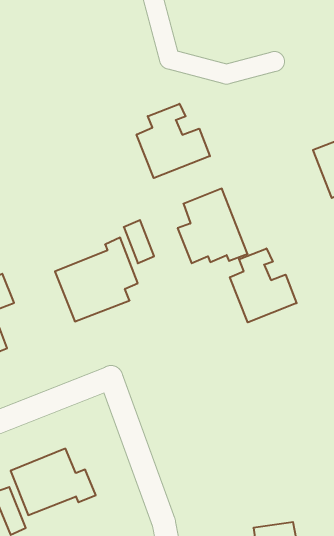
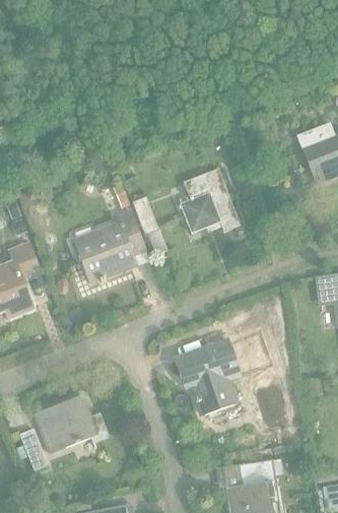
building: [137,104,210,178] -> none
building: [230,248,297,322] -> none
building: none -> [174,341,239,415]

